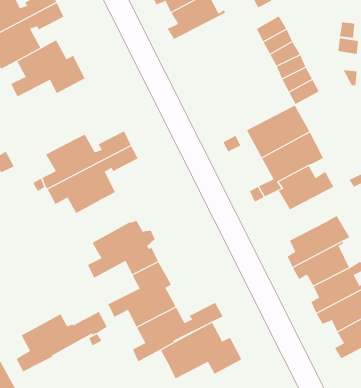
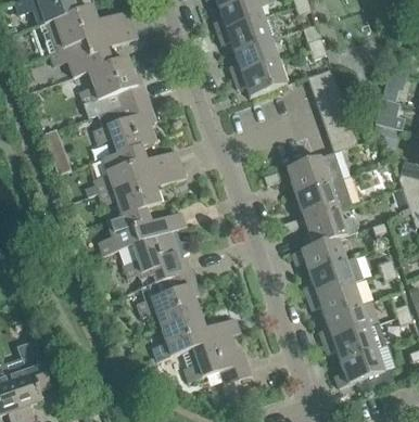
building: none -> [233,59,287,98]
building: none -> [93,99,157,156]
building: none -> [293,238,346,272]
building: [16,311,107,372] -> [99,210,186,258]

